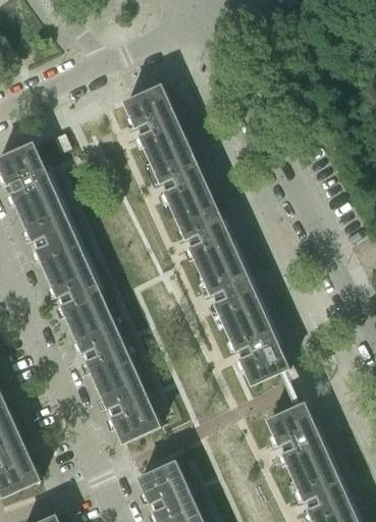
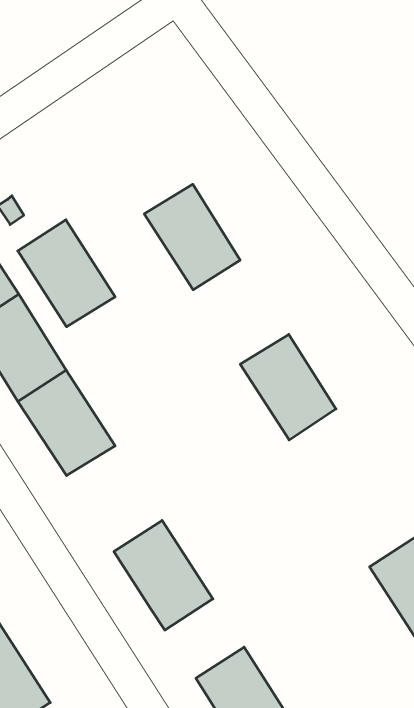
building: [126,87,187,159] -> [18,220,115,327]
building: [177,200,237,270] -> none
building: [227,310,288,384] -> none
building: [73,313,133,384] -> none

